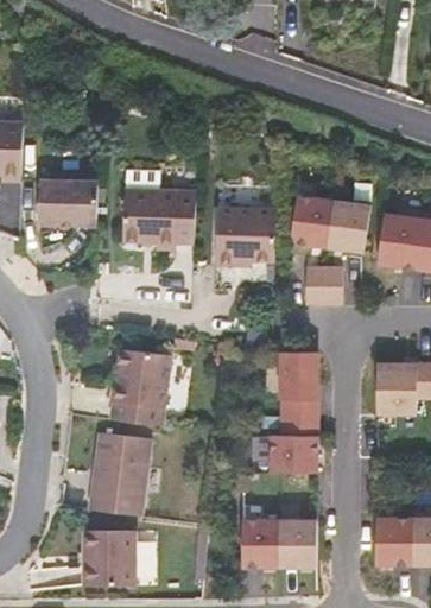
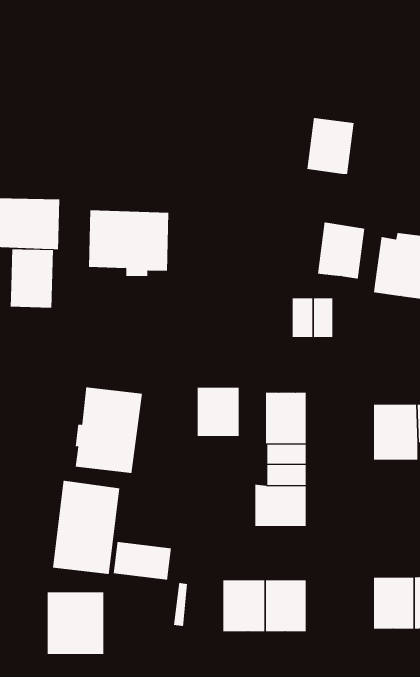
building: [289,196,331,247] -> [307,117,355,175]
building: [214,209,275,266] -> none
building: none -> [10,248,53,308]
building: none -> [197,387,239,437]
building: none -> [113,541,171,580]

